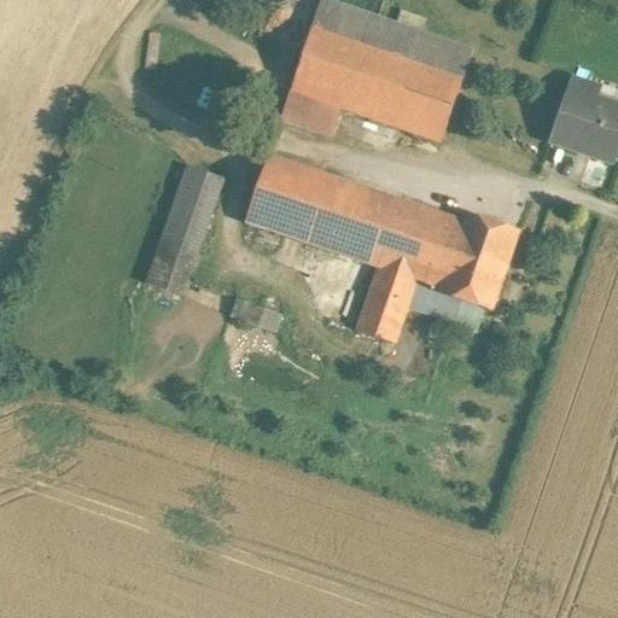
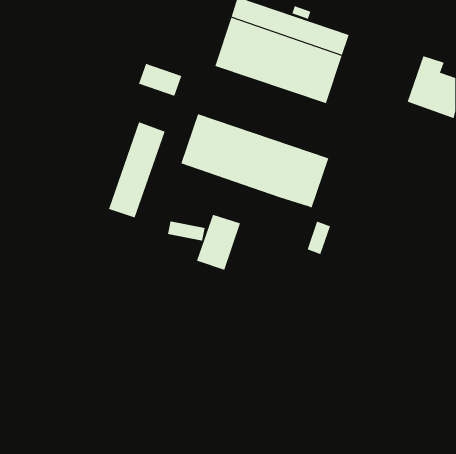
building: [280,89,339,134] -> [138,63,182,96]
building: [421,214,518,309] -> none
building: [355,267,415,343] -> [196,214,241,271]

